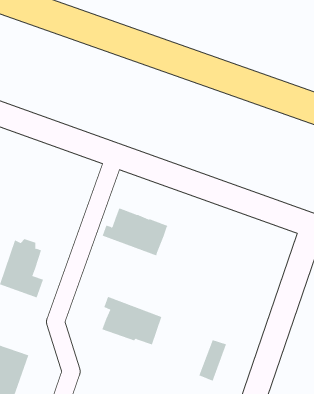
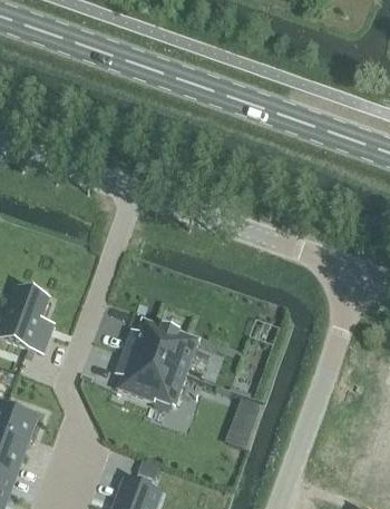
building: [102,207,169,256] -> [125,317,201,373]

